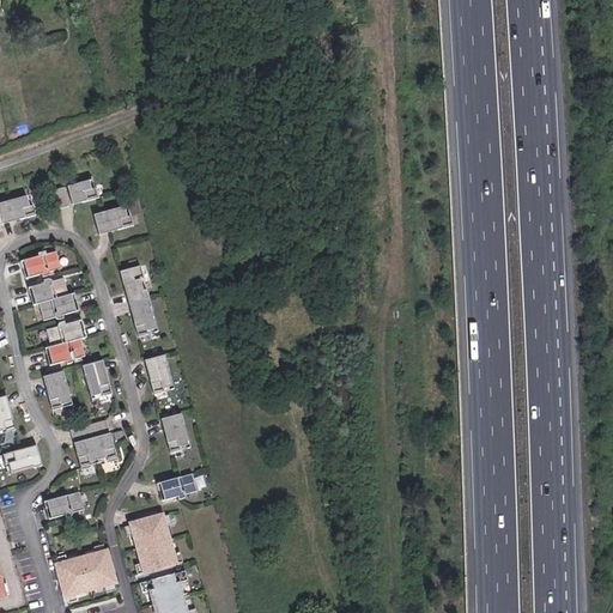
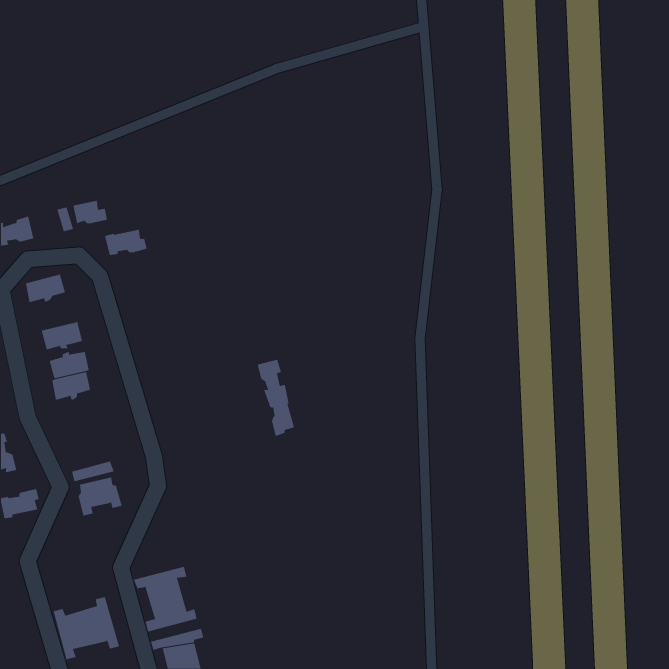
building: [121,267,156,338] -> [257,359,295,437]
building: [34,275,71,302] -> none
building: [146,354,171,394] -> none
building: [84,360,111,396] -> none
building: [44,370,68,409] -> none
building: [160,412,186,451] -> none
building: [162,475,199,499] -> none
building: [48,494,85,518] -> none

